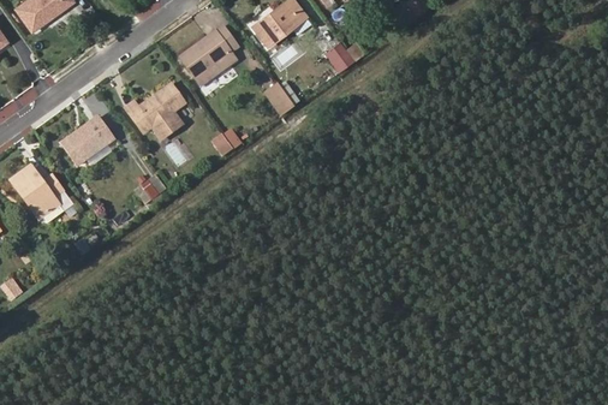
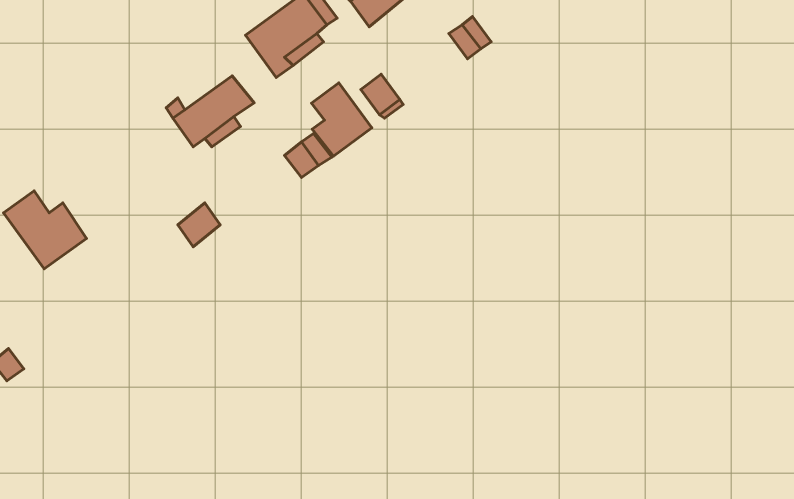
building: none -> [311,83,372,156]
building: [60,115,113,166] -> none

